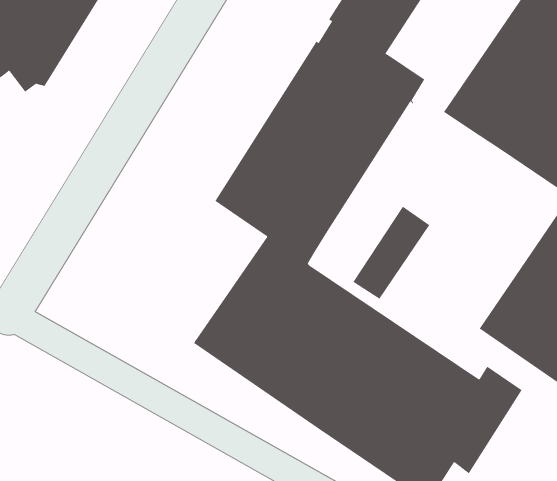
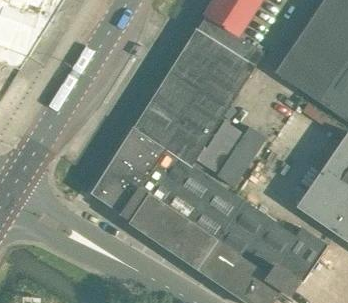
building: none -> [195,120,244,175]
building: none -> [90,126,165,213]

